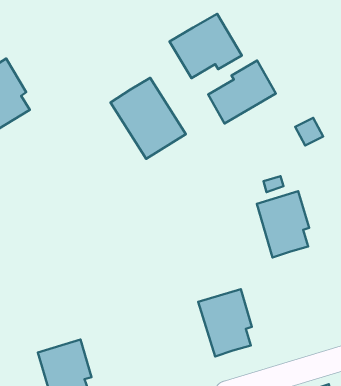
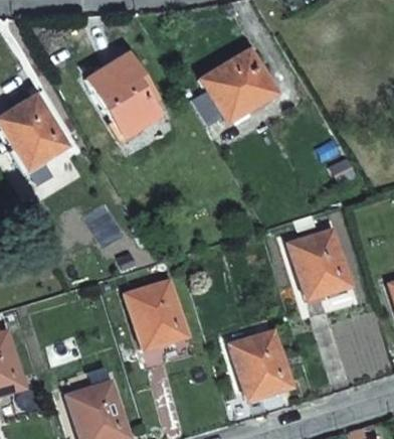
building: [208,60,276,124] -> none
building: [111,78,186,159] -> [86,54,163,137]
building: none -> [127,281,181,348]

